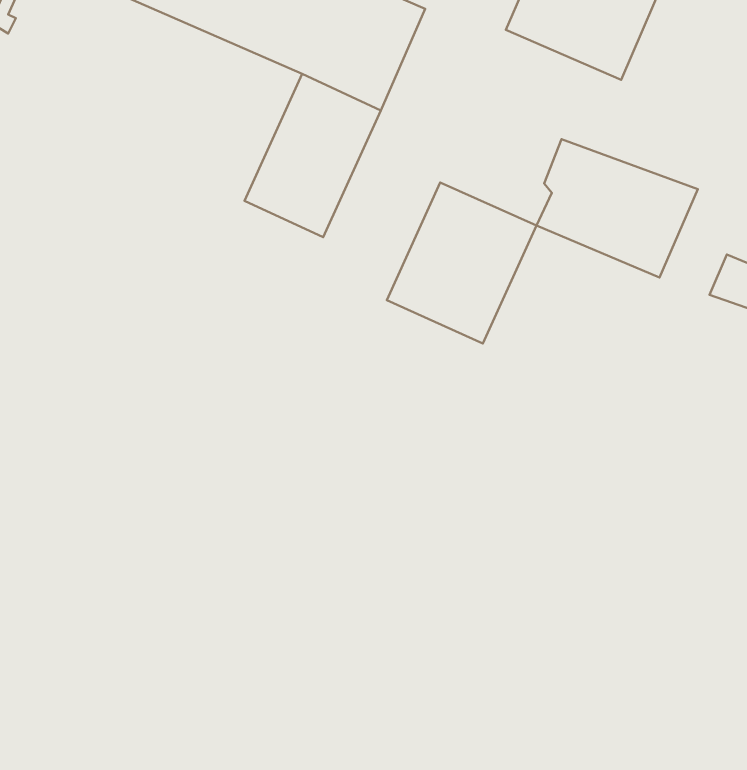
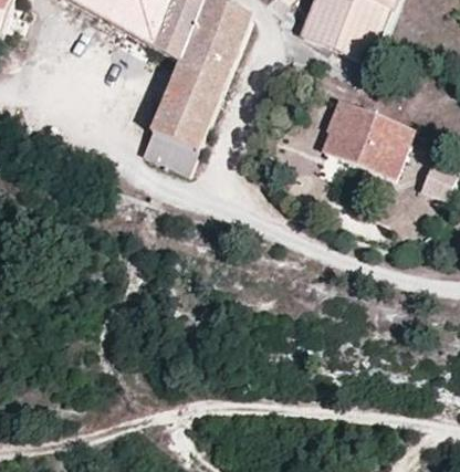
building: [387,183,536,343] -> none
building: none -> [142,129,197,172]

